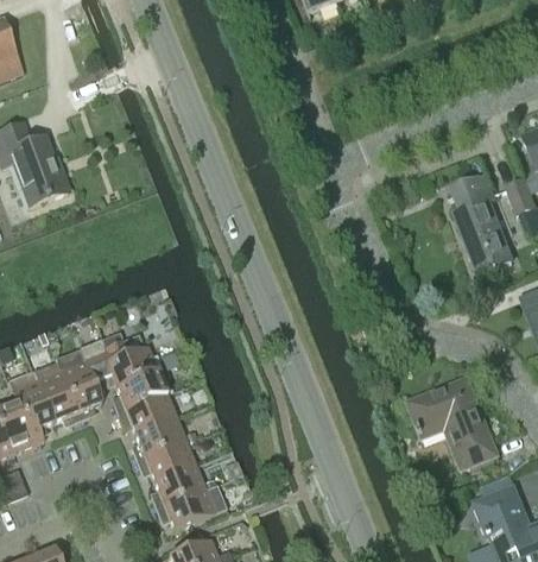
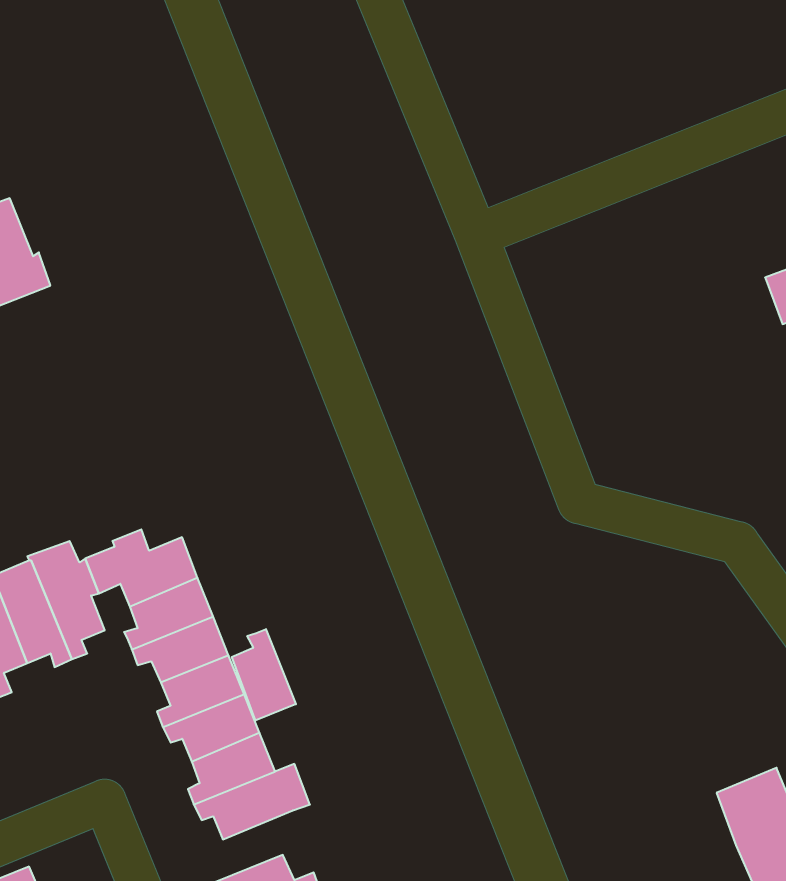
building: [455,175,513,273] -> none
building: [409,378,500,467] -> none
building: none -> [232,629,296,721]

